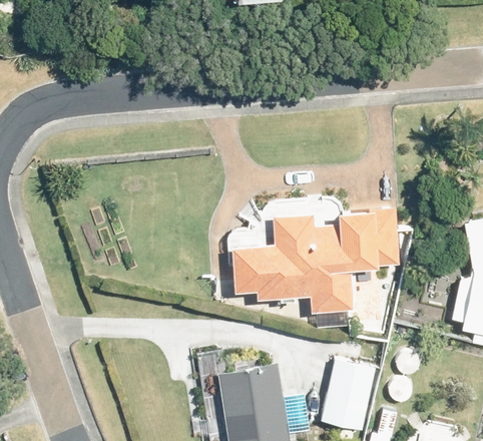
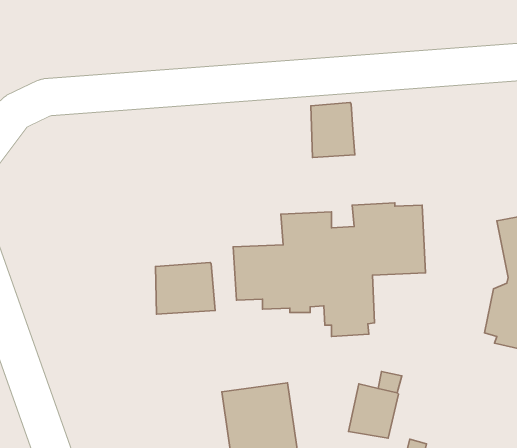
building: none -> [311,102,355,157]
building: none -> [155,262,215,314]

